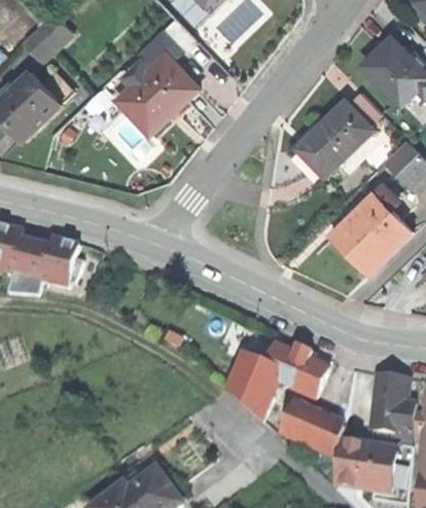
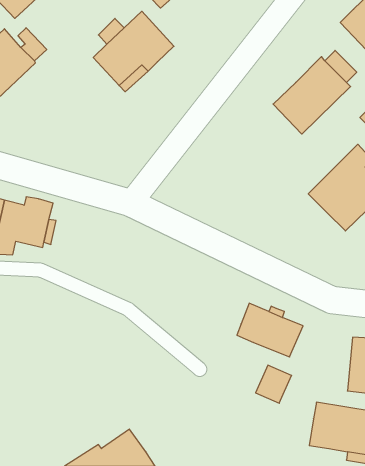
building: [226,353,278,421] -> none
building: [304,414,343,458] -> none

